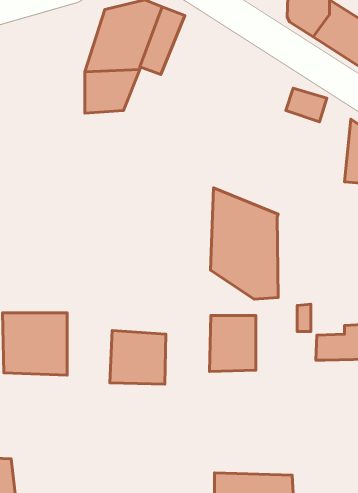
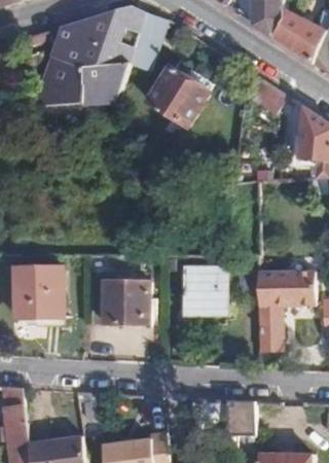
building: none -> [35,16,99,104]
building: none -> [148,66,207,126]
building: [211,188,278,299] -> none
building: none -> [258,306,282,351]

